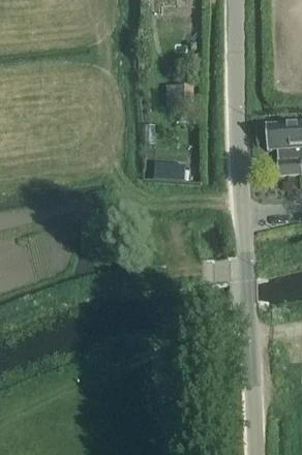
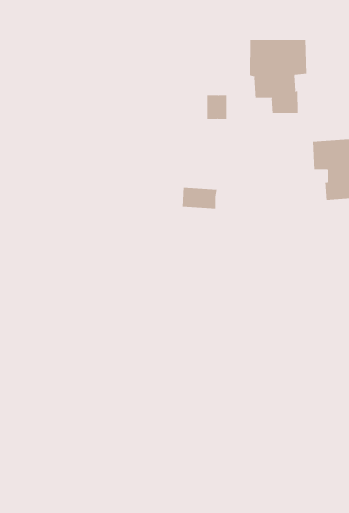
building: none -> [250,39,307,114]

